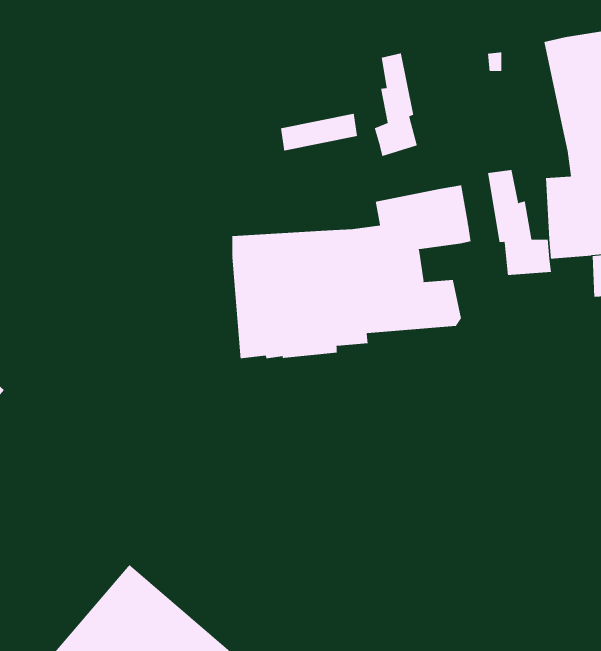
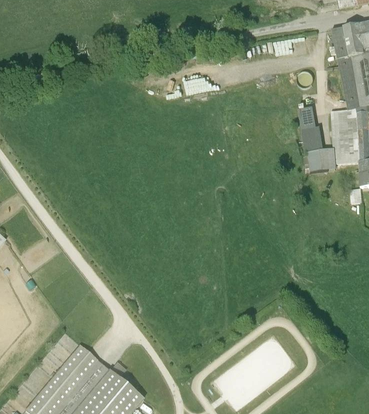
building: [374,52,418,157] -> none
building: [232,184,471,359] -> none

